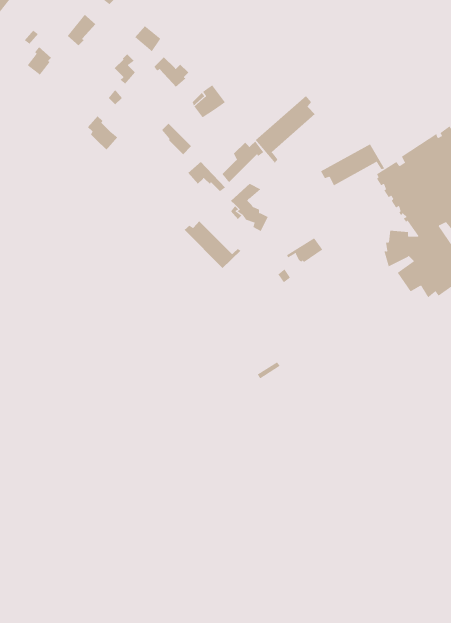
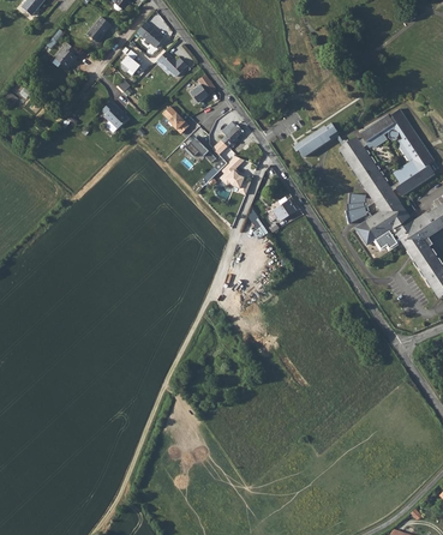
building: [255,95,316,164] -> none
building: [184,221,241,269] -> none

